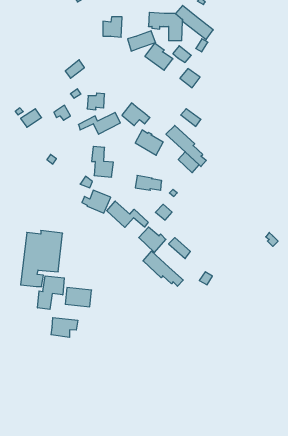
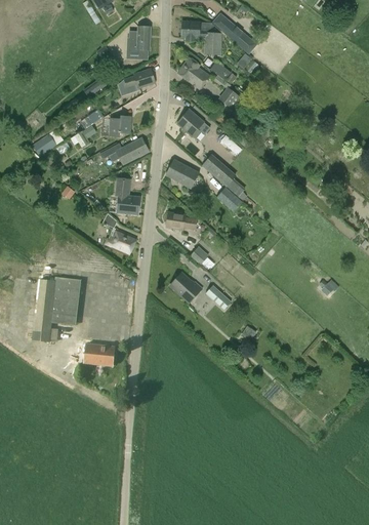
building: [128,31,156,51] -> [123,69,156,92]
building: [122,103,150,126] -> [177,110,210,136]
building: [107,201,148,227] -> none
building: [143,251,183,286] -> none
building: [38,276,64,309] -> none
building: [51,318,78,337] -> none

